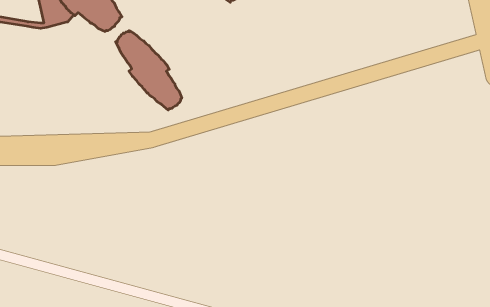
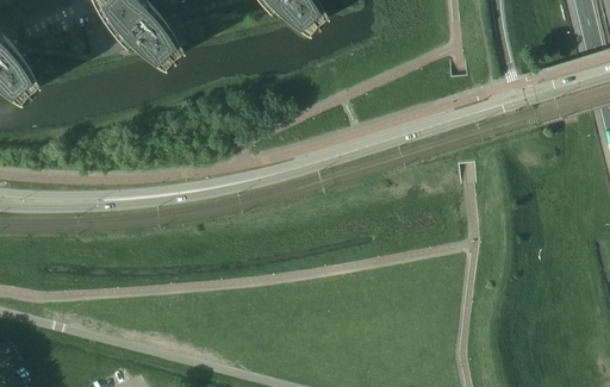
building: [116,31,182,110] -> none

